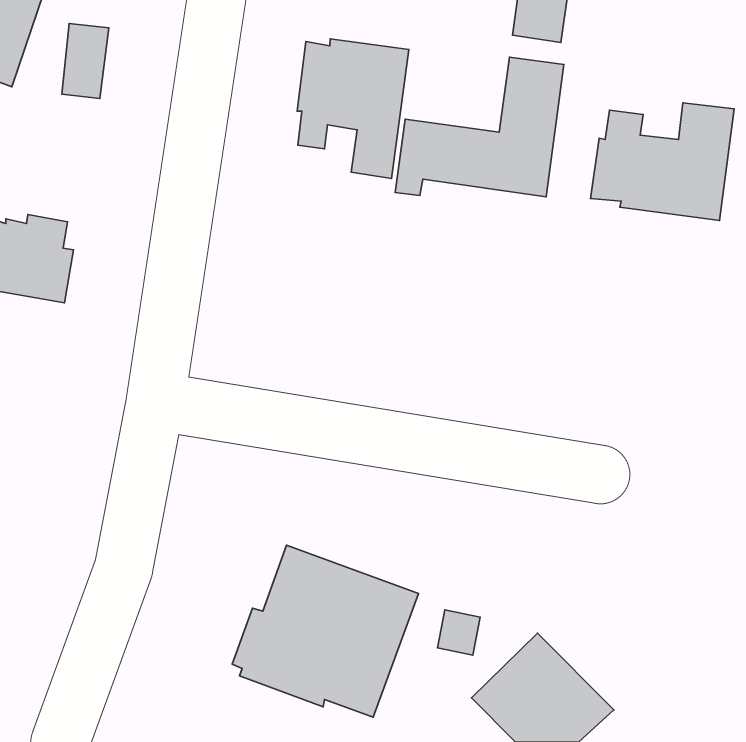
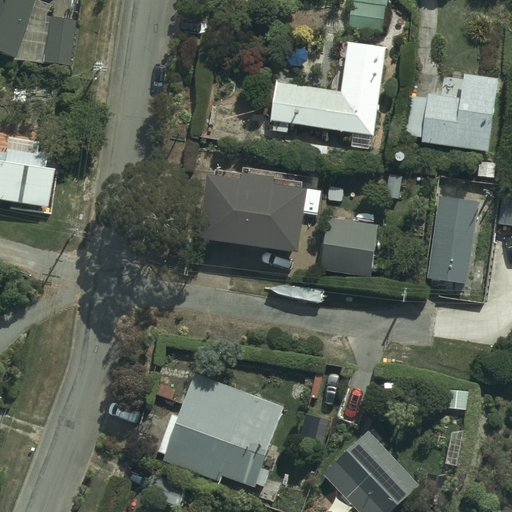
building: [297,39,409,178] -> none
building: none -> [201,179,306,256]
building: none -> [426,196,480,285]
building: none -> [321,208,377,269]

